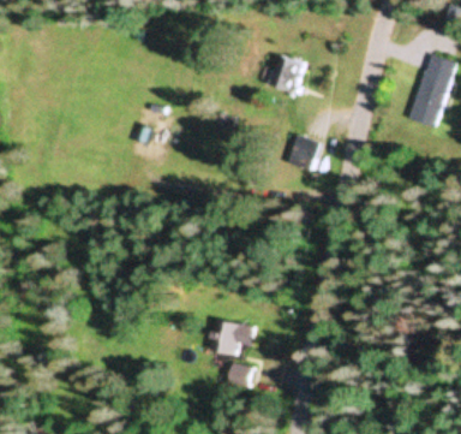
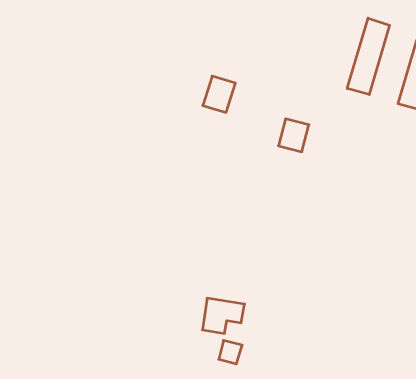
building: none -> [347,18,390,95]
building: [270,55,304,93] -> [203,76,235,112]

